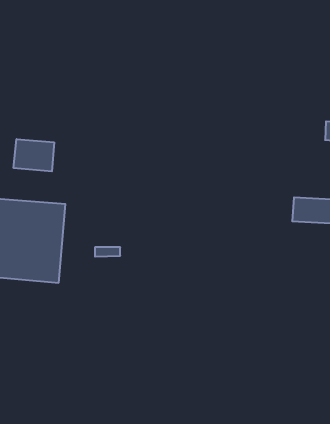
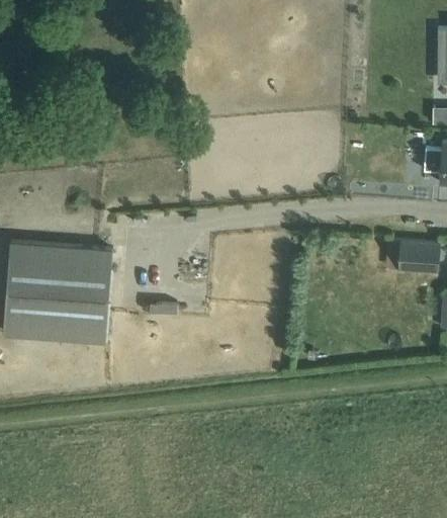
building: [14,139,54,171] -> none

